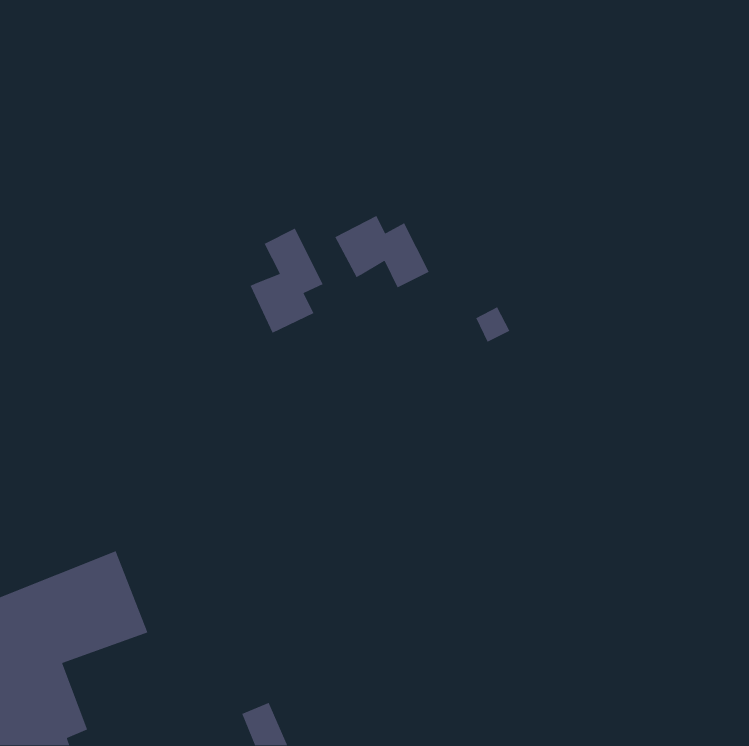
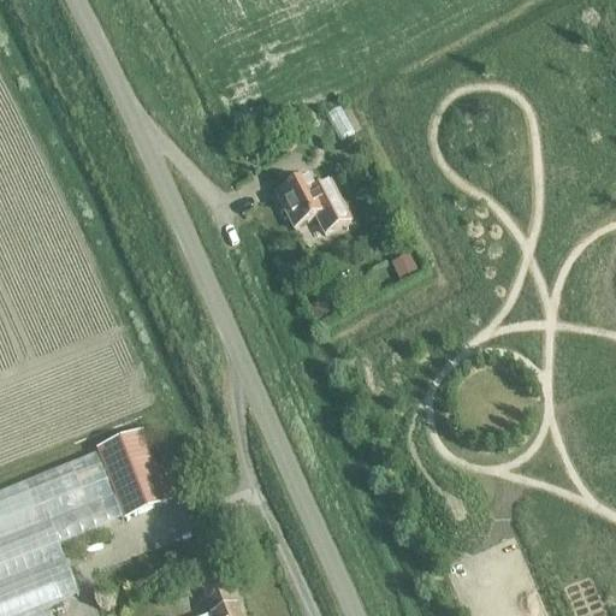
building: [250,228,324,334] -> none
building: none -> [95,433,166,517]

